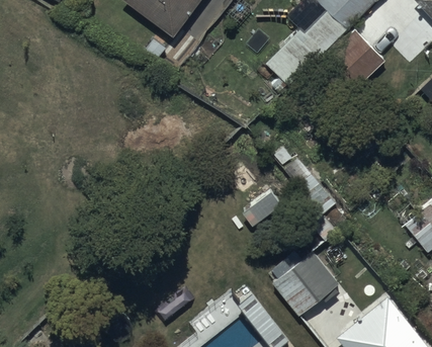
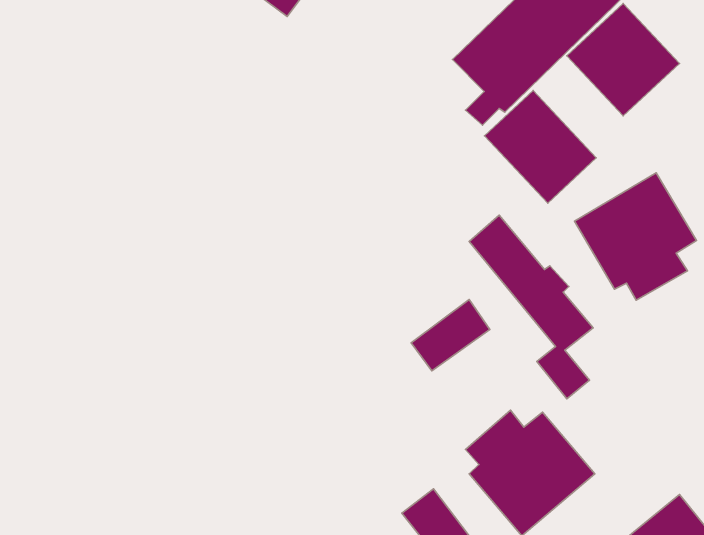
building: none -> [485,91,596,203]
building: none -> [574,173,696,300]

